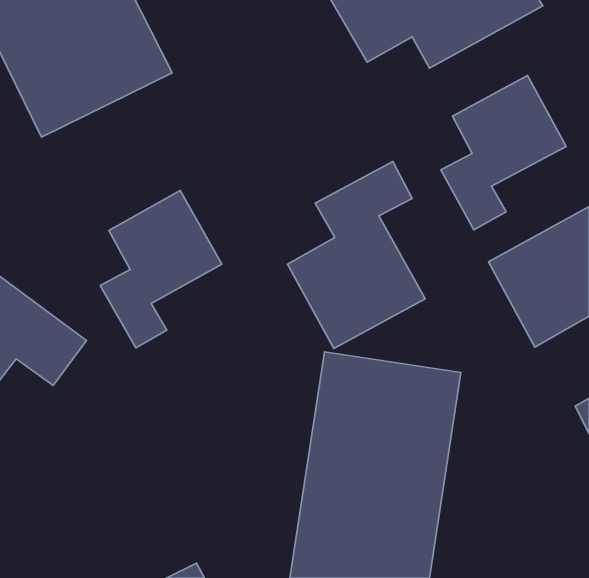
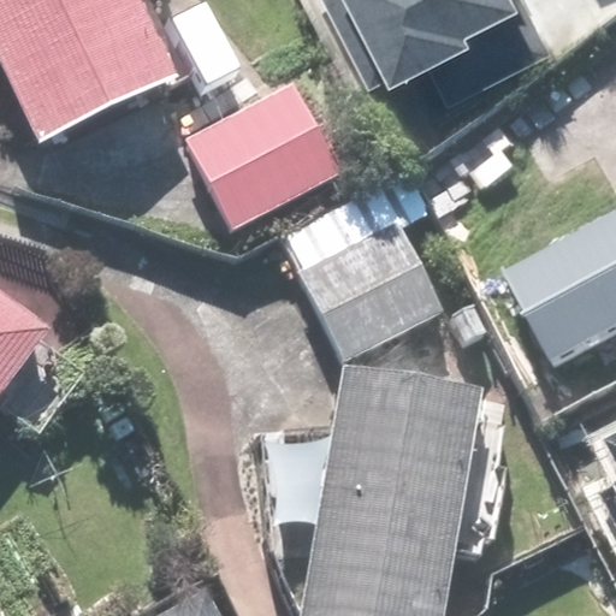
building: [441,75,566,230] -> none
building: none -> [183,82,342,229]
building: [100,190,222,348] -> none

